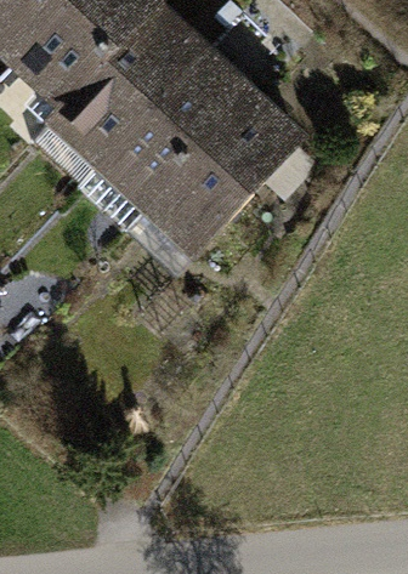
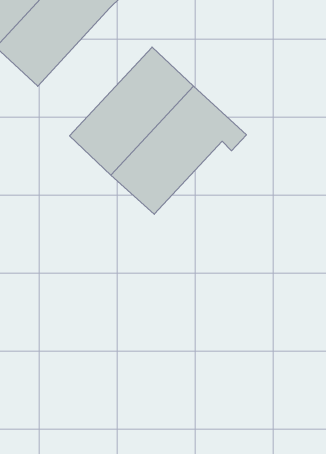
building: [46,12,189,159] -> none

